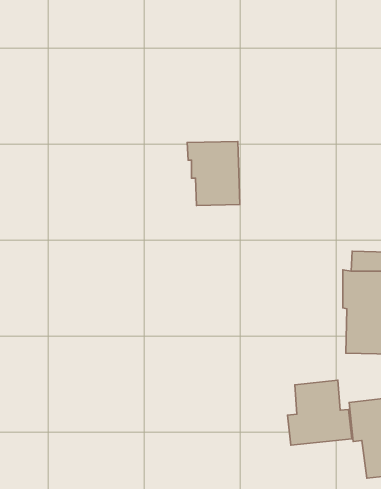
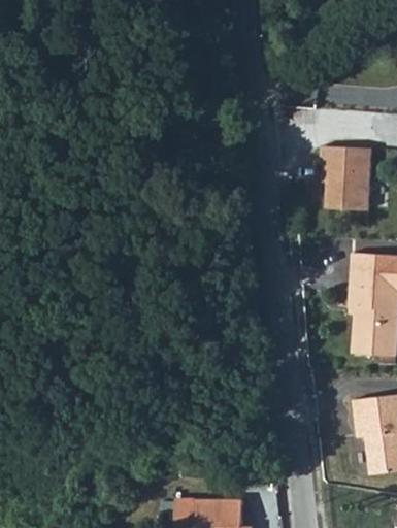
building: [187,141,240,206] -> [315,154,366,217]
building: [287,380,352,445] -> none

